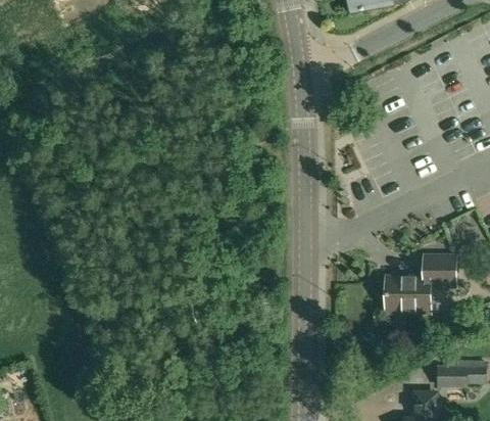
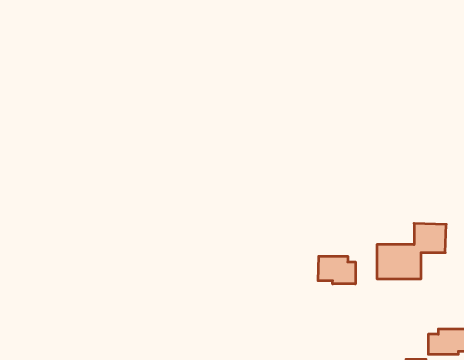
building: none -> [318,256,355,284]

